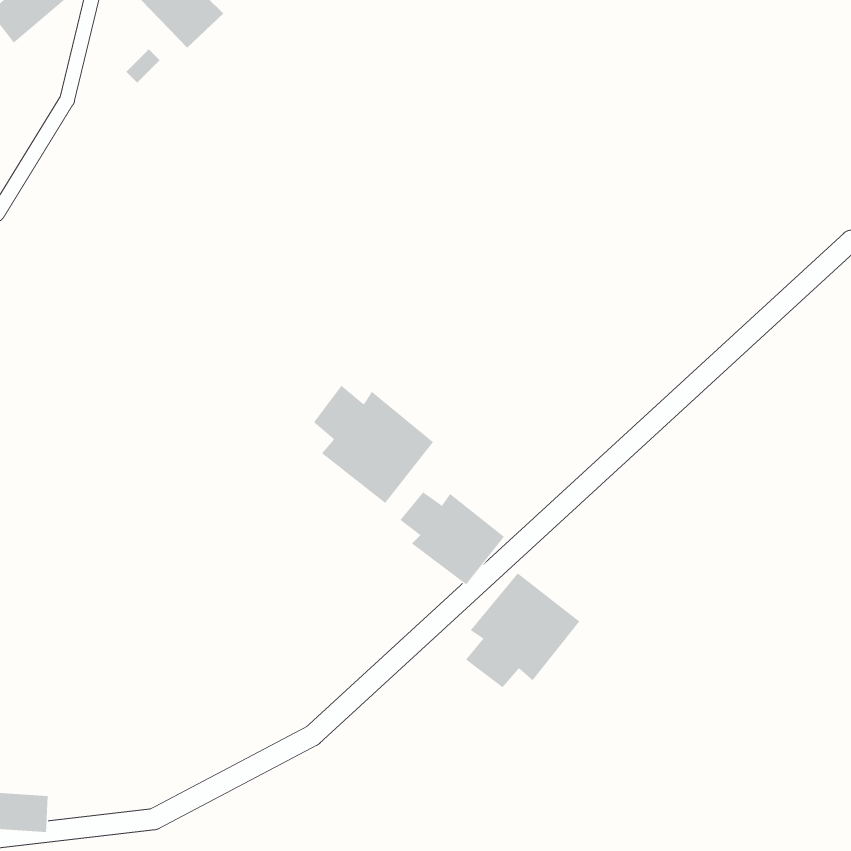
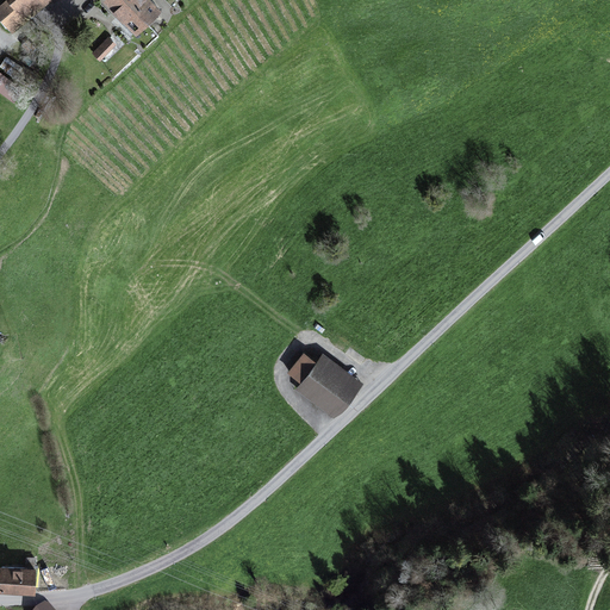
building: [313,385,434,504] -> none
building: [465,572,580,688] -> none

